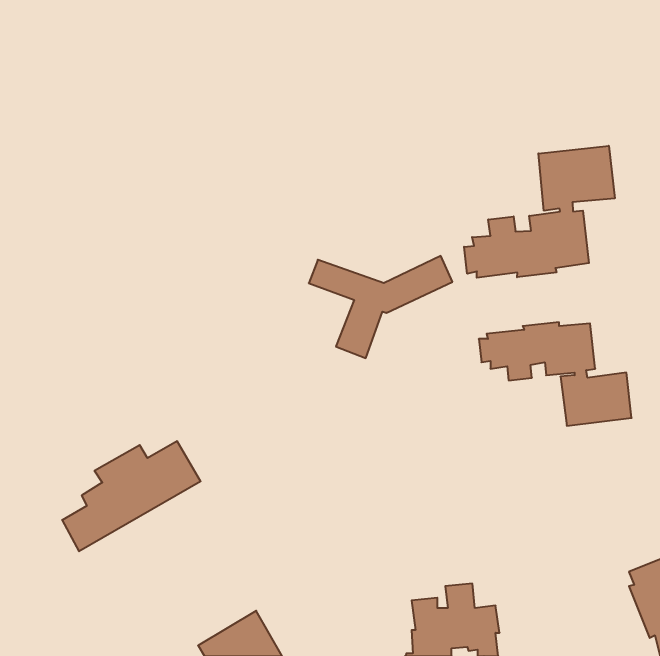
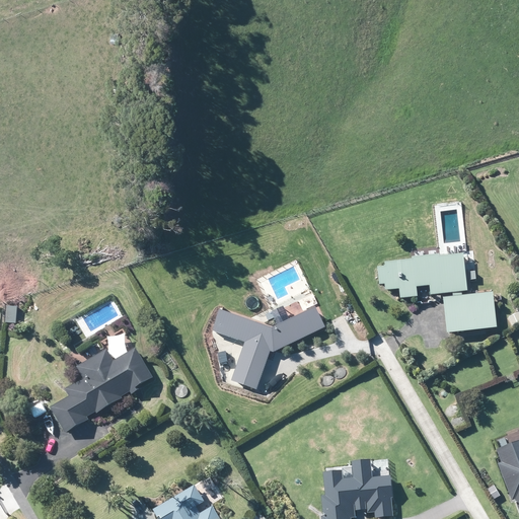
building: [464,146,615,278] -> none
building: [309,256,452,358] -> [212,306,324,386]

